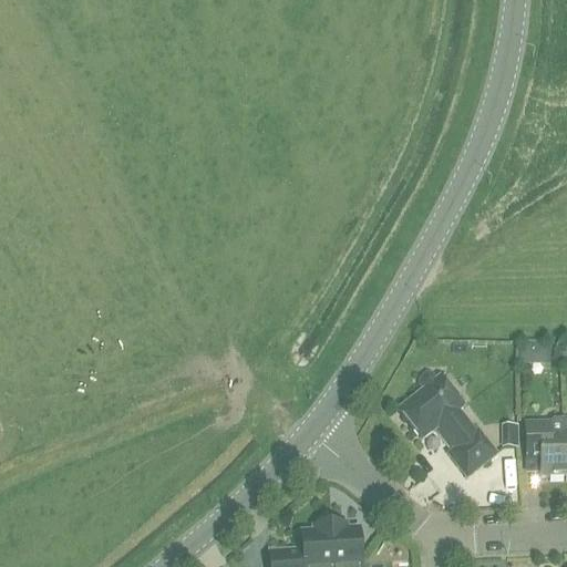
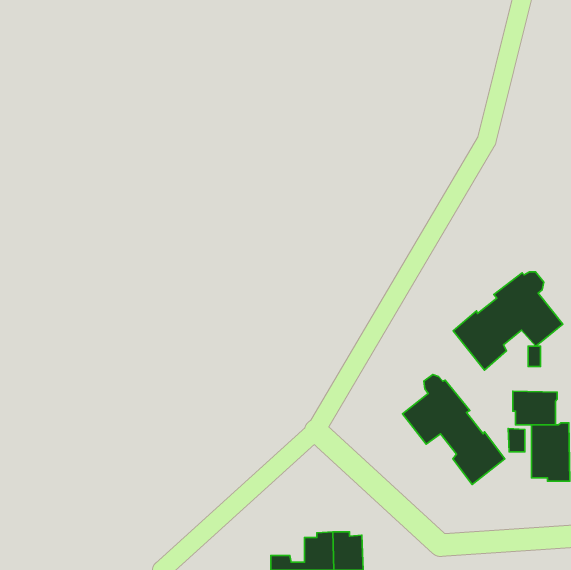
building: none -> [453,272,563,370]
building: none -> [513,391,557,425]

